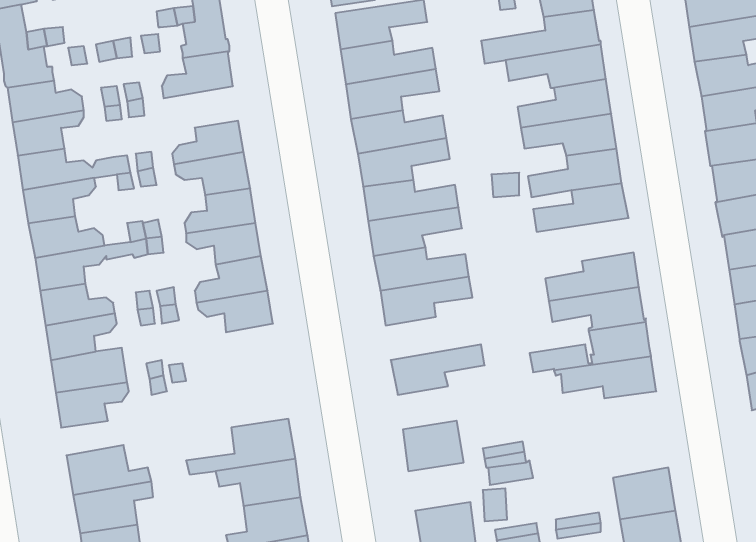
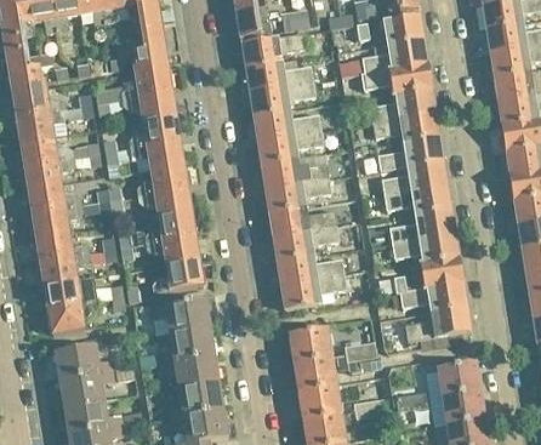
building: none -> [123,93,175,122]
building: none -> [383,186,451,216]
building: none -> [278,255,344,285]
building: none -> [152,259,203,292]
building: none -> [150,298,210,332]
building: none -> [405,307,471,342]
building: none -> [294,356,337,390]

